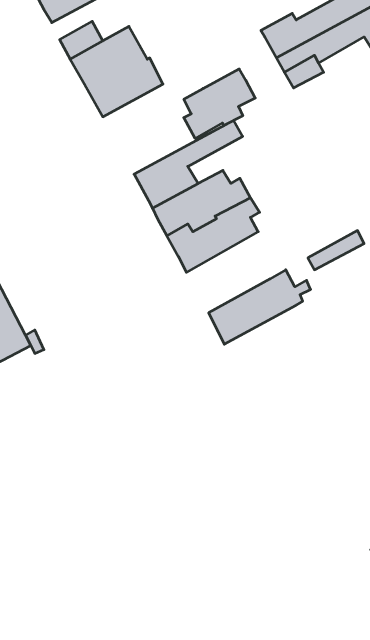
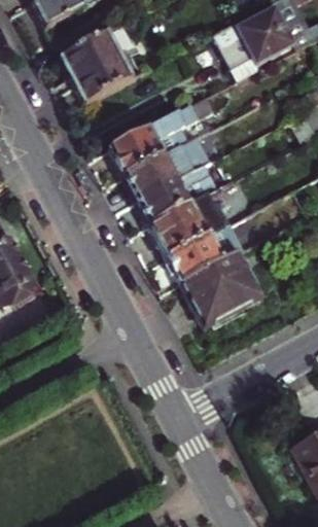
building: [184,69,255,138] -> none
building: none -> [151,182,231,256]
building: none -> [181,250,261,326]

